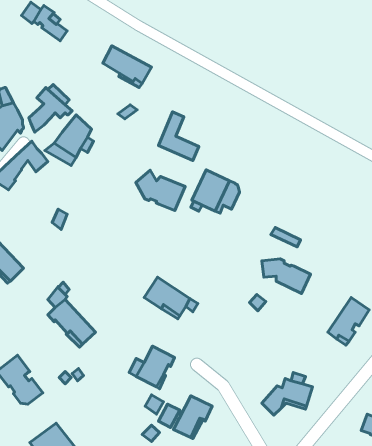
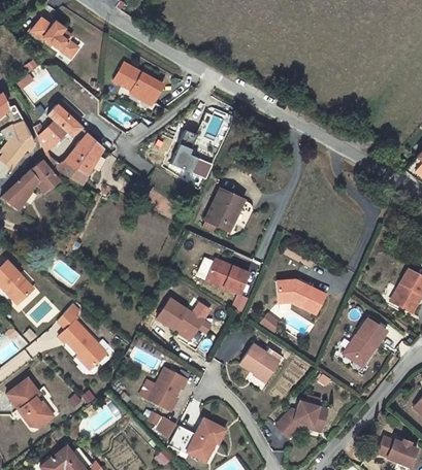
building: [136,170,185,210] -> none
building: none -> [205,261,249,294]
building: none -> [239,344,282,380]

